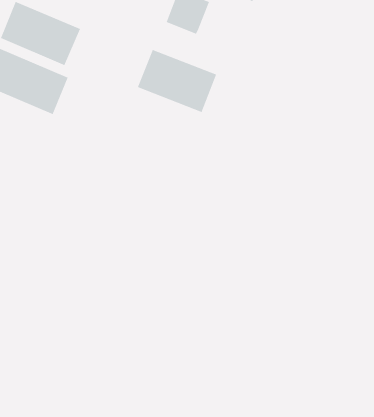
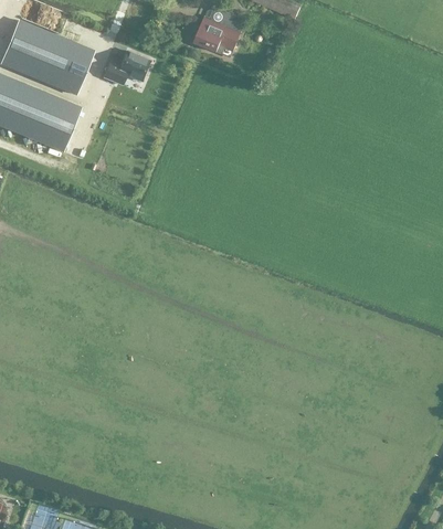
building: none -> [102,50,149,83]
building: [137,49,217,113] -> none

